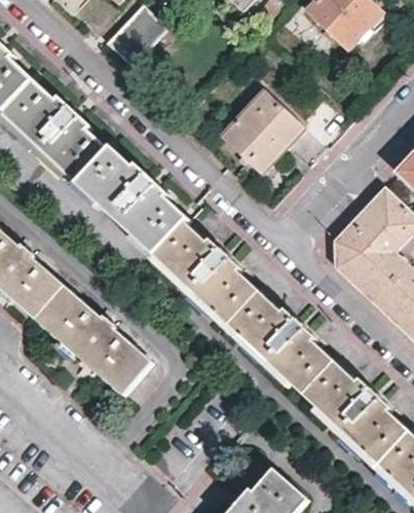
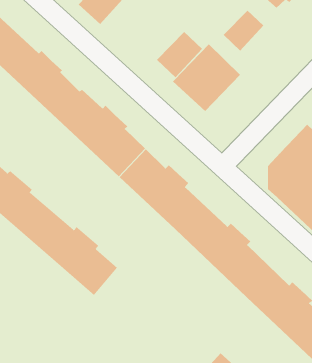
building: none -> [223,10,264,51]
building: none -> [156,31,203,78]

